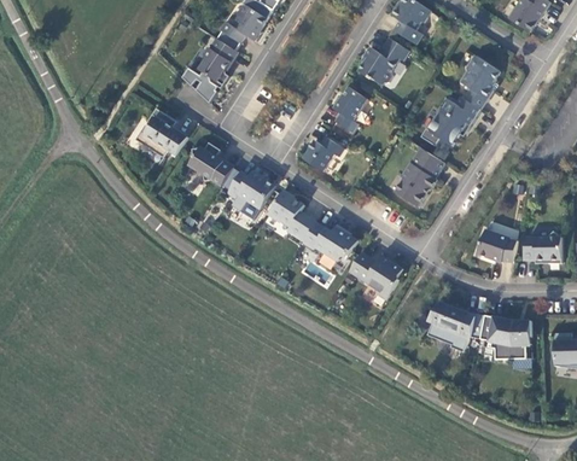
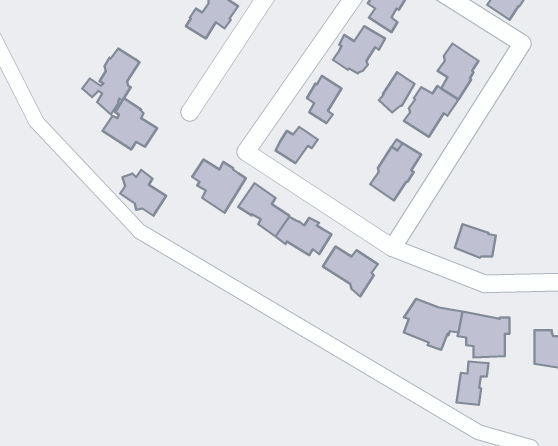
building: [181,37,237,101] -> [82,49,139,115]
building: none -> [379,72,414,113]
building: [188,141,233,186] -> [120,170,166,216]
building: [523,230,561,262] -> none
building: none -> [457,361,489,405]

